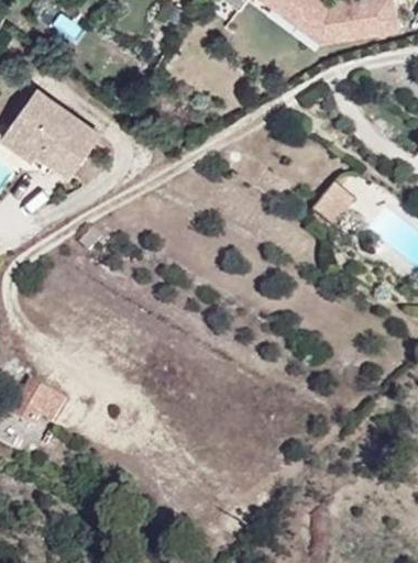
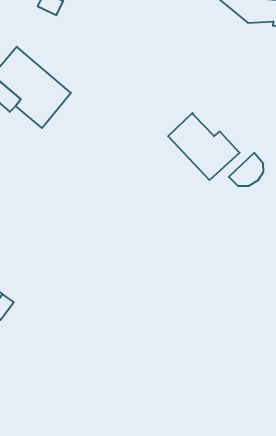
building: none -> [168,113,240,180]

